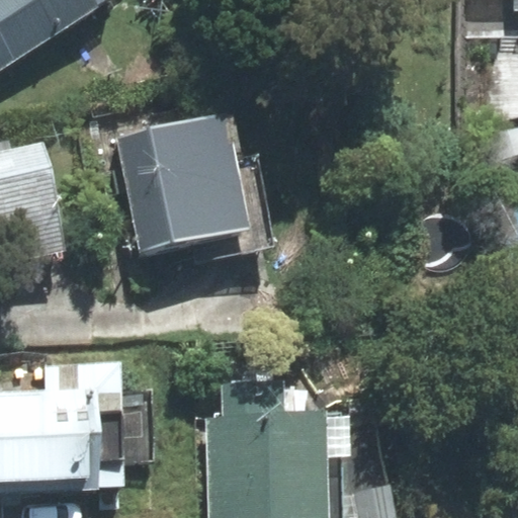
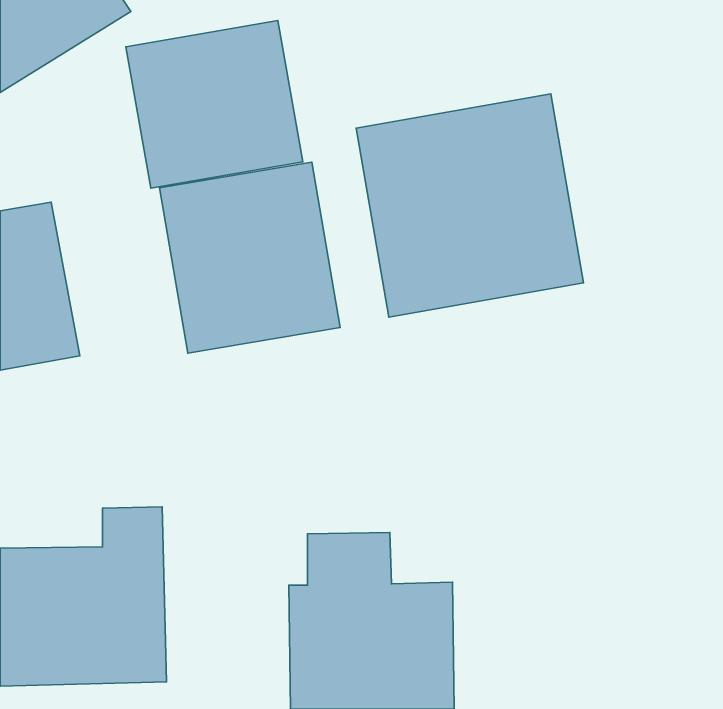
building: none -> [126,21,303,188]
building: none -> [356,94,584,317]

